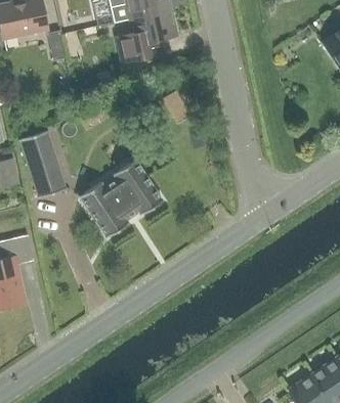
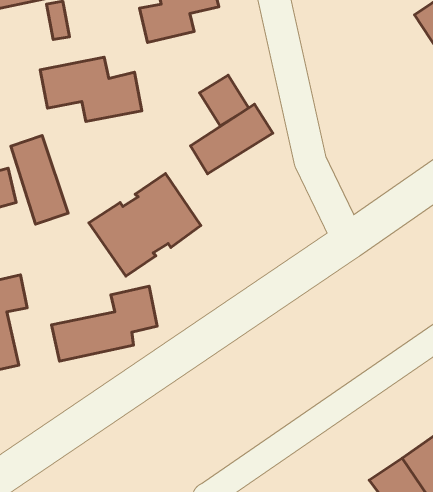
building: none -> [40,57,142,121]
building: none -> [191,104,273,174]
building: none -> [52,286,157,361]

